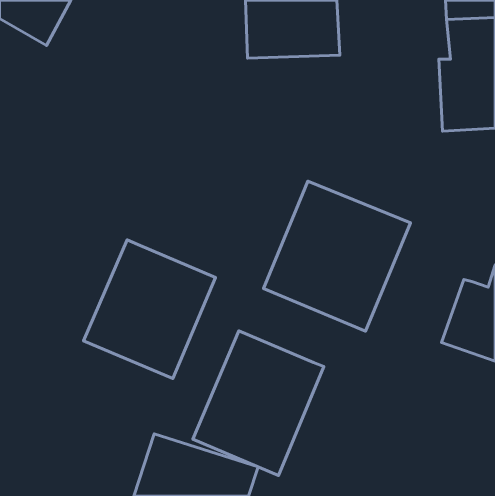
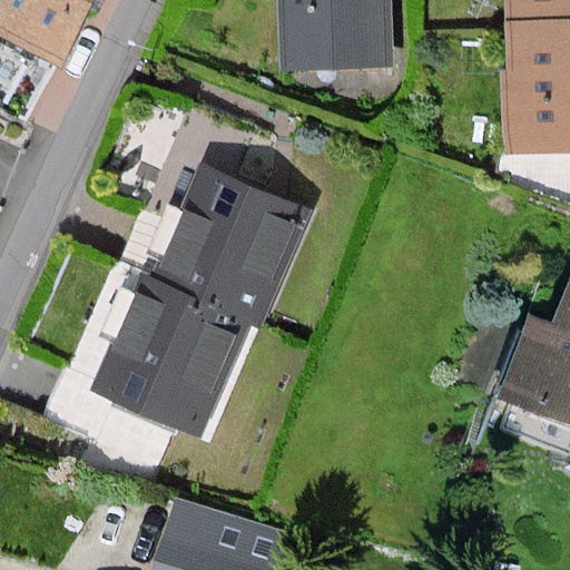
building: none -> [158,168,305,323]
building: [264,181,410,331] -> none
building: [193,331,324,476] -> none

